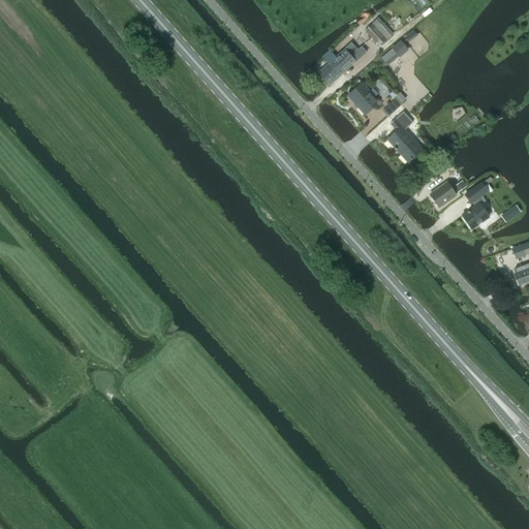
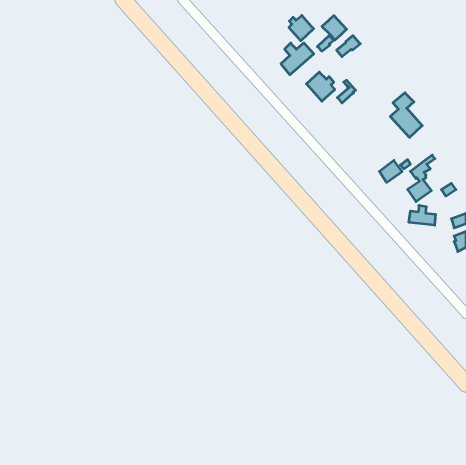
building: none -> [289,15,314,41]
building: [386,112,423,162] -> [390,93,422,137]
building: none -> [409,205,435,225]

